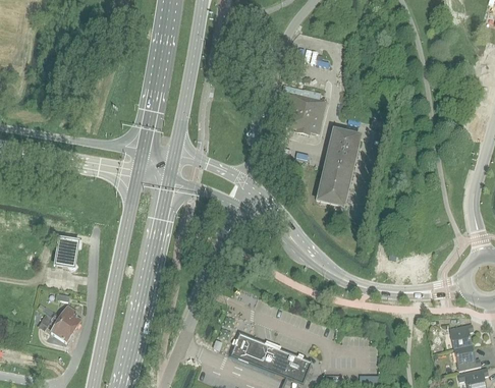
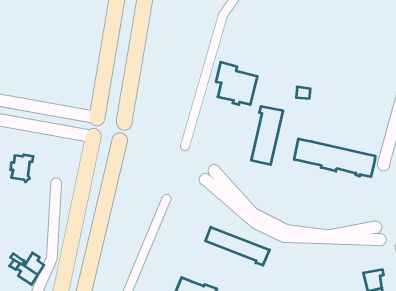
building: none -> [294,139,375,177]
building: [54,239,80,271] -> [10,155,33,182]
building: none -> [205,227,270,265]

